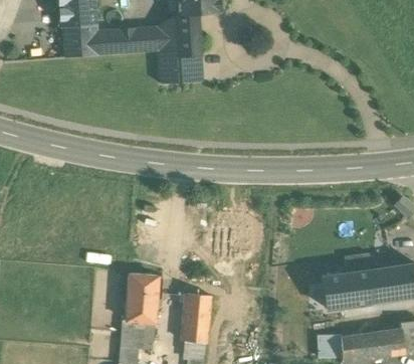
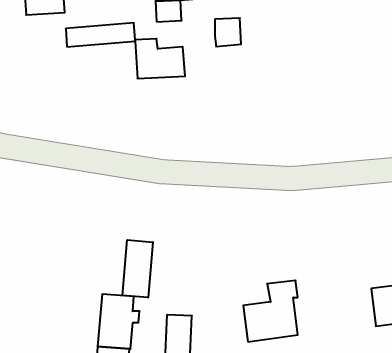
building: [62,25,98,57] -> none
building: [178,32,201,57] -> [215,18,241,47]
building: none -> [122,240,153,298]
building: [324,254,372,309] -> [243,280,298,342]

